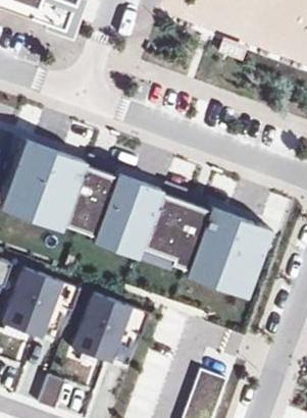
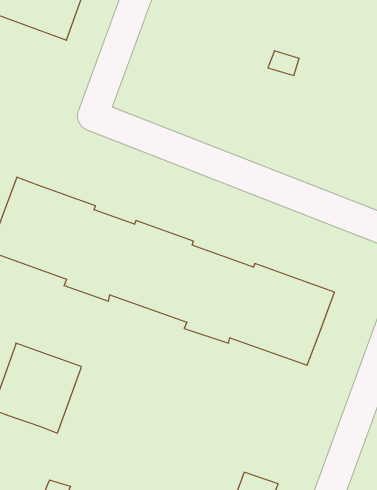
building: [73,294,143,364] -> none

